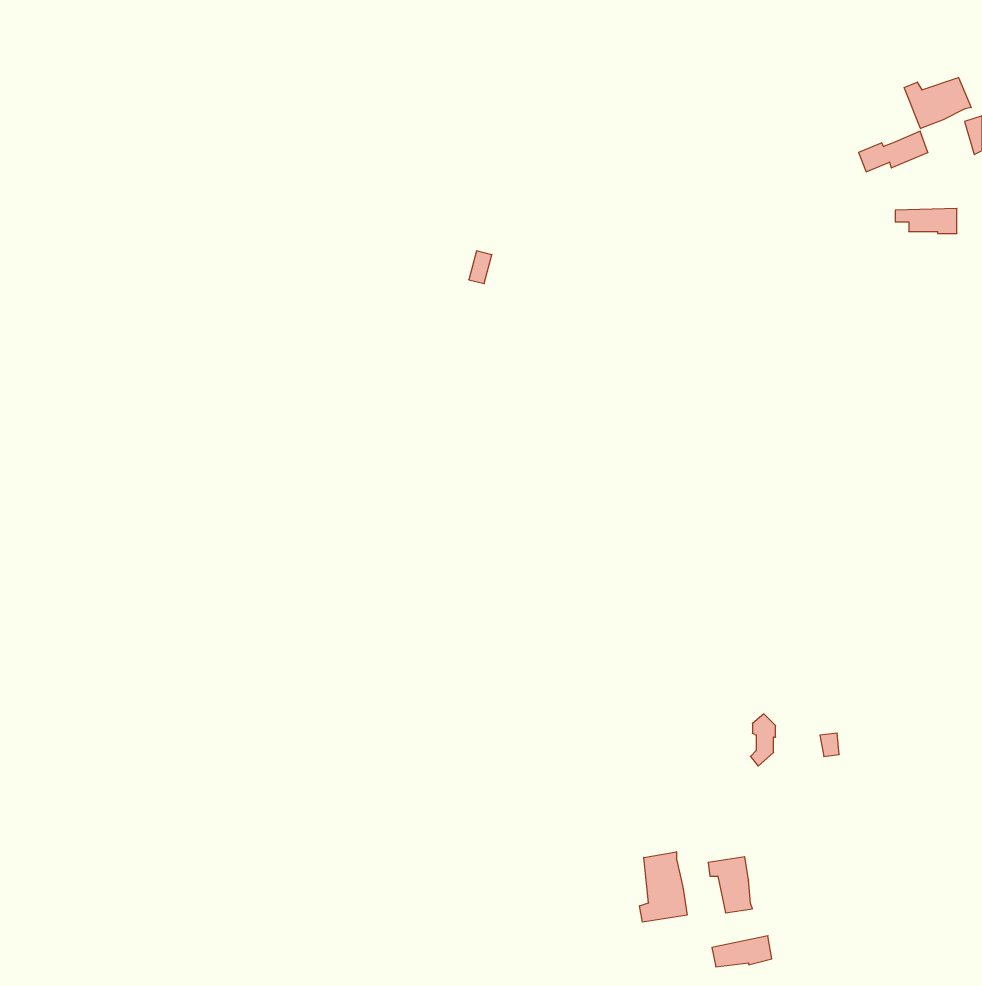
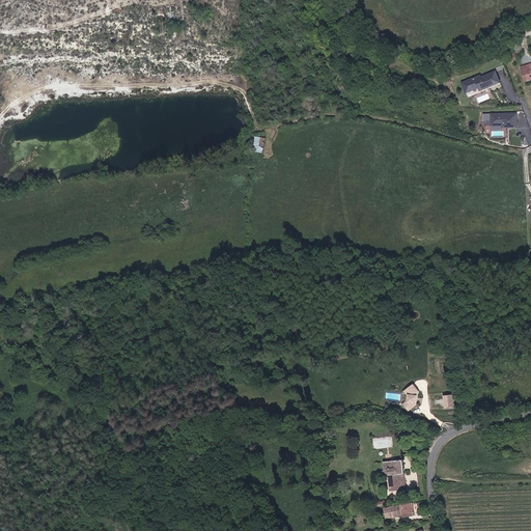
building: [904,78,971,129] -> none
building: [640,852,687,922] -> none

